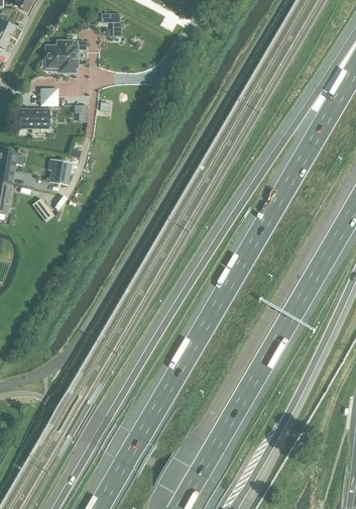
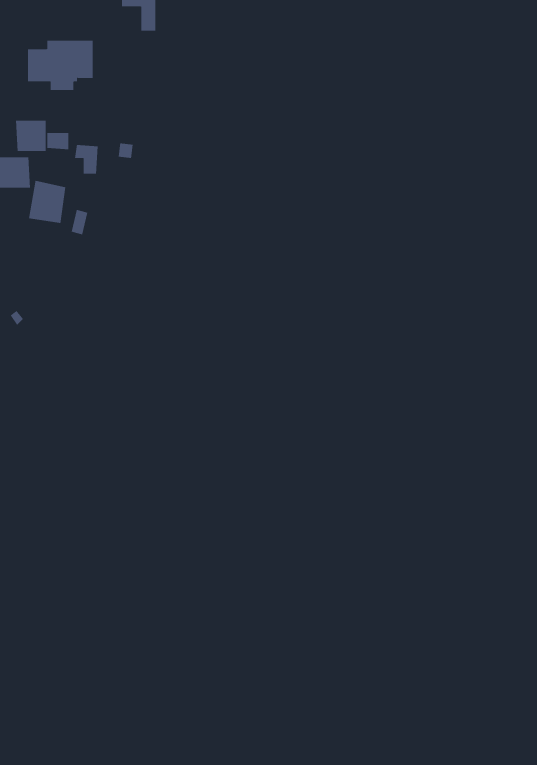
building: [48,159,71,184] -> [28,180,66,224]

